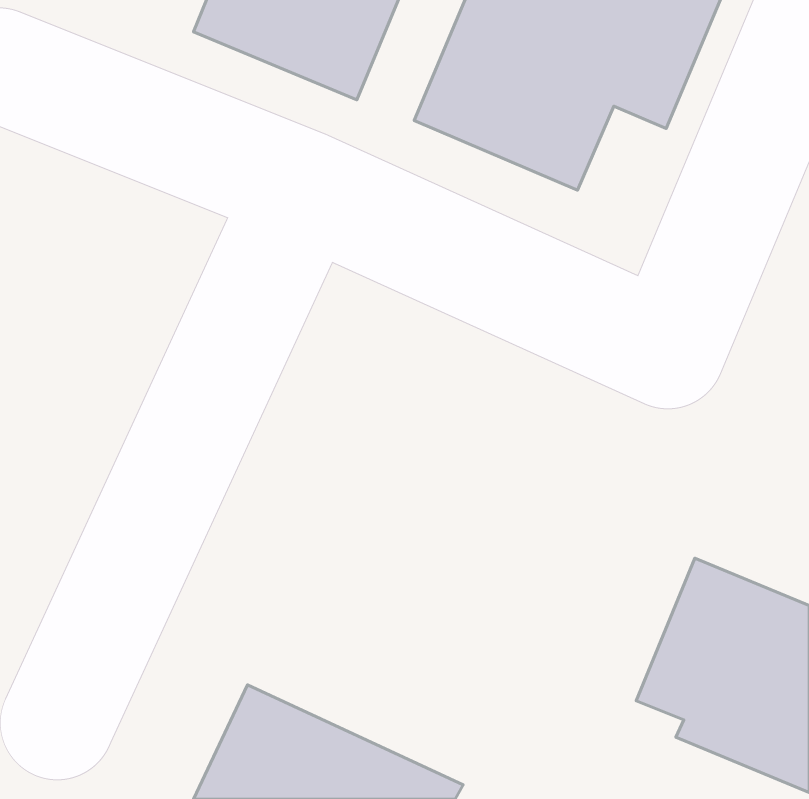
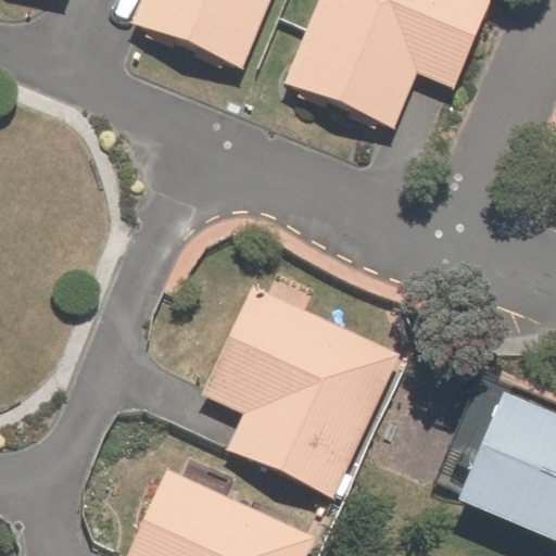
building: none -> [204,287,402,497]

